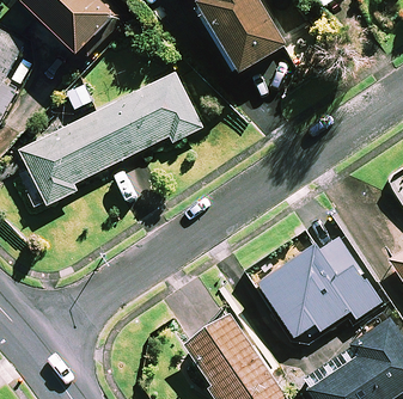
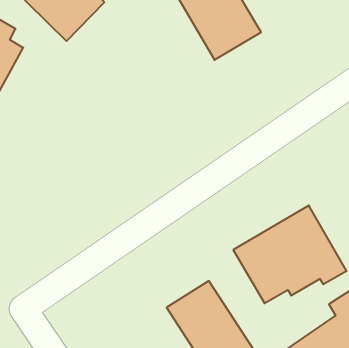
building: [20,72,202,207] -> none

